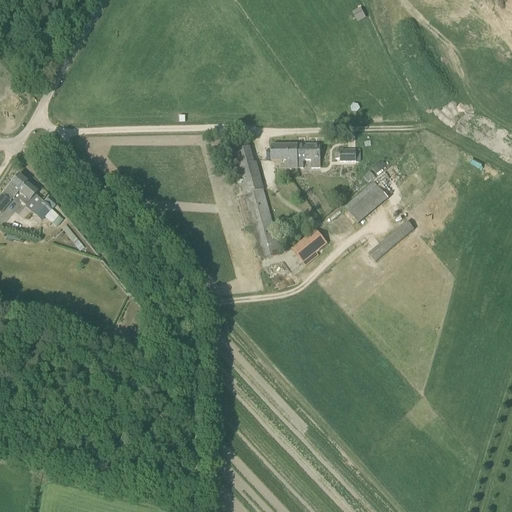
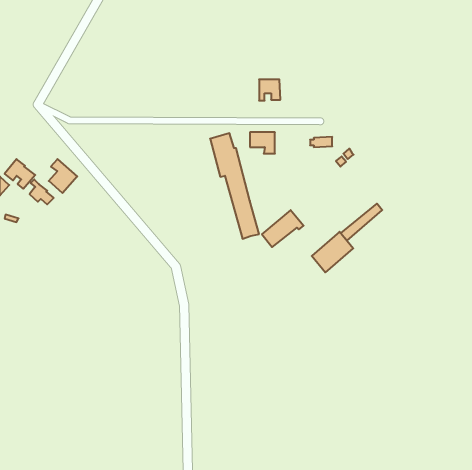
building: [297,143,320,166] -> [259,79,280,101]
building: none -> [49,159,77,193]
building: [344,178,389,222] -> [312,232,353,272]

